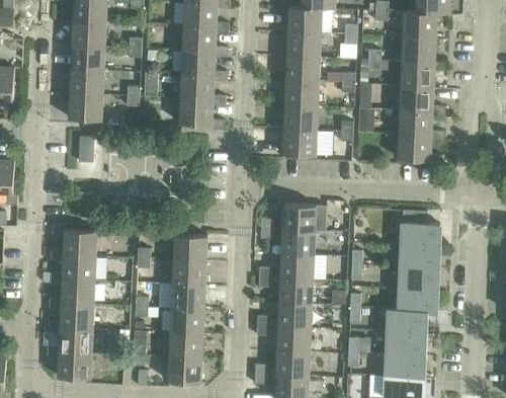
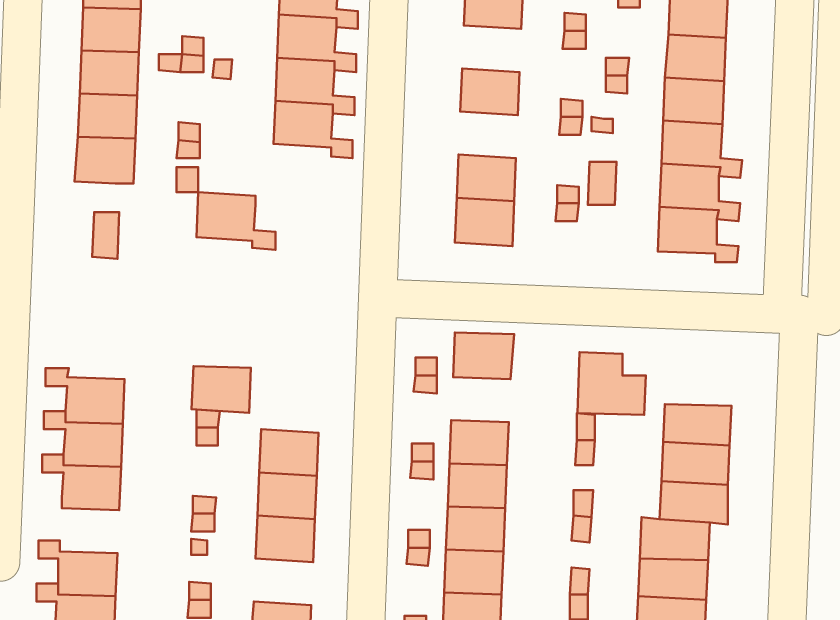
building: [286,30,320,57] -> none
building: [284,79,318,105] -> none
building: [179,97,224,130] -> [196,192,275,250]
building: [401,210,439,245] -> [578,352,646,415]
building: [280,229,314,254] -> none
building: [173,234,206,260] -> [192,366,251,413]
building: [49,297,93,328] -> none
building: [169,331,202,357] -> none

